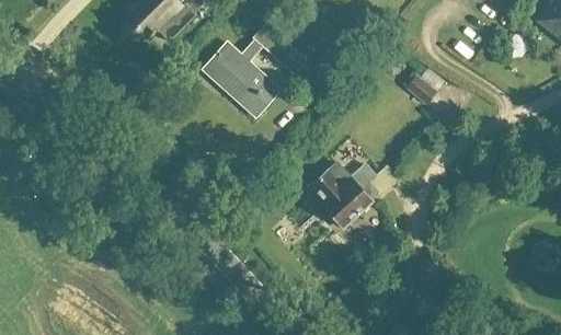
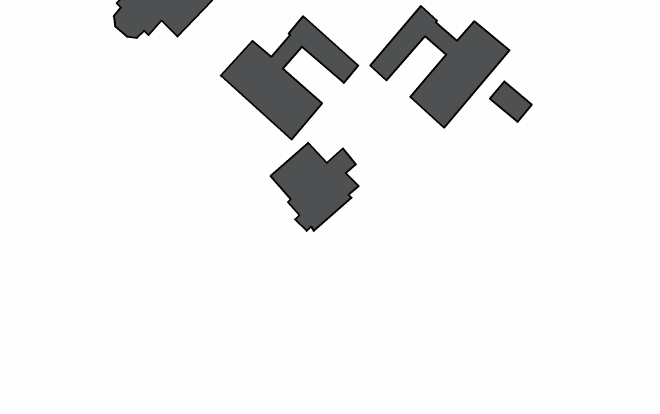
building: none -> [370,6,509,128]
building: [309,163,376,230] -> [271,143,359,231]

